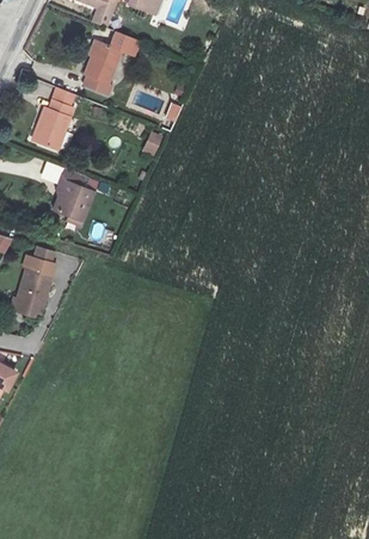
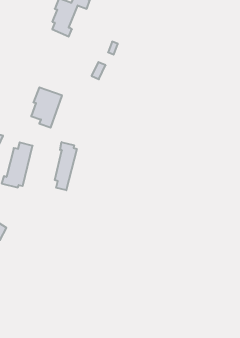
building: [32,87,73,148] -> none
building: none -> [55,142,77,190]

